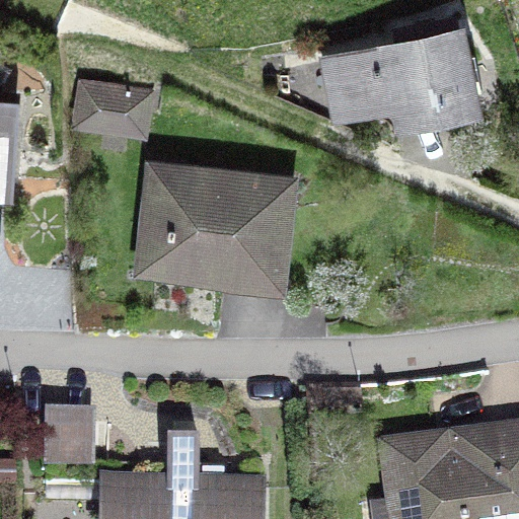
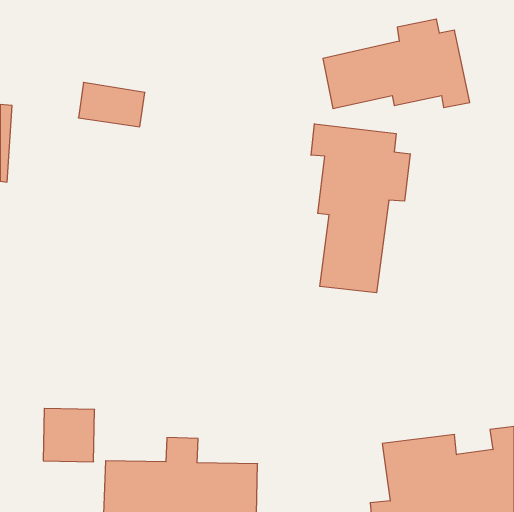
building: none -> [311,124,410,293]
building: [147,167,289,283] -> none

